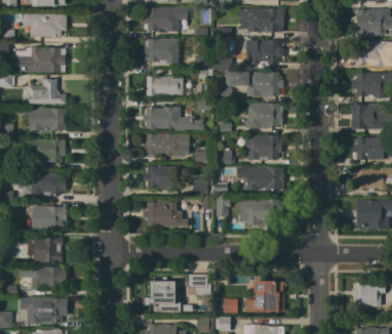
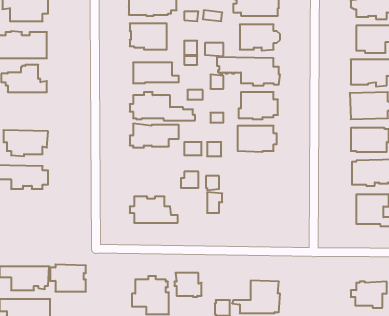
building: [29,108,66,132] -> none
building: [143,166,172,190] -> none
building: [244,167,284,190] -> none
building: [239,199,283,225] -> none
building: [32,206,67,231] -> none
building: [29,237,63,262] -> [50,264,86,292]

